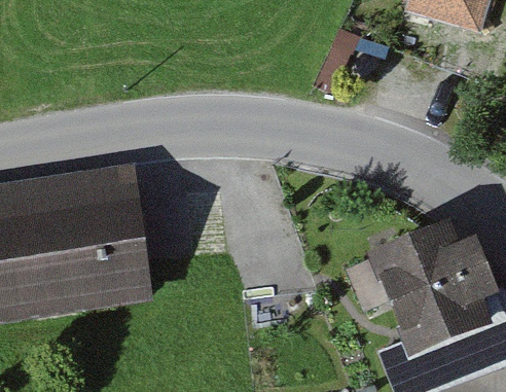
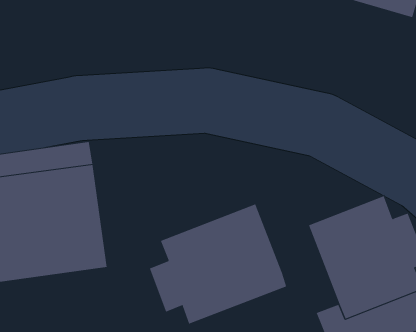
building: none -> [149,204,287,325]

